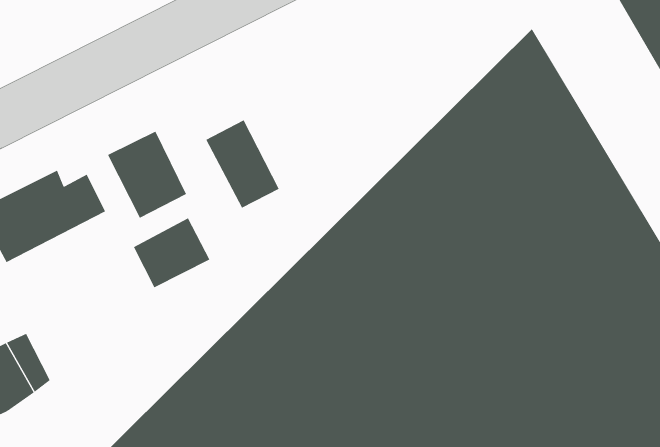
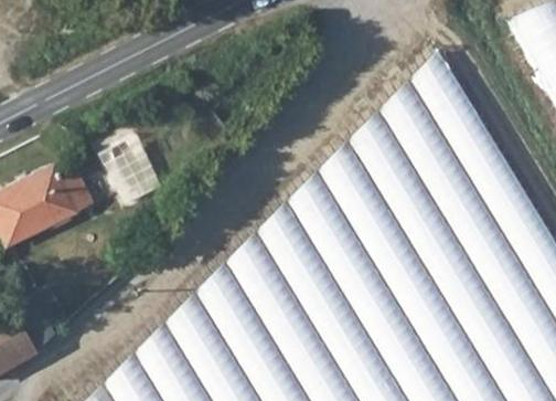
building: [205,119,280,208] -> none
building: [133,218,210,288] -> none

